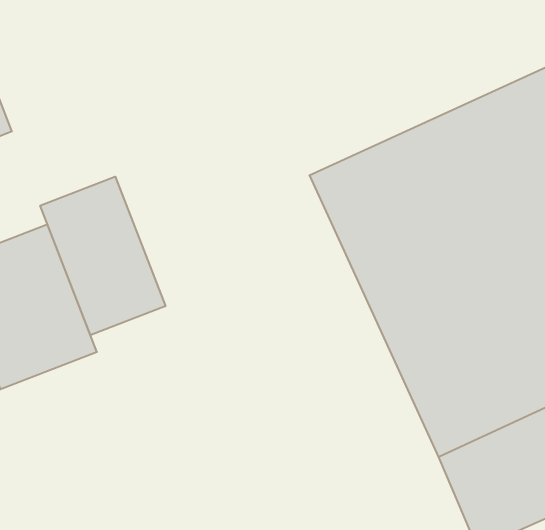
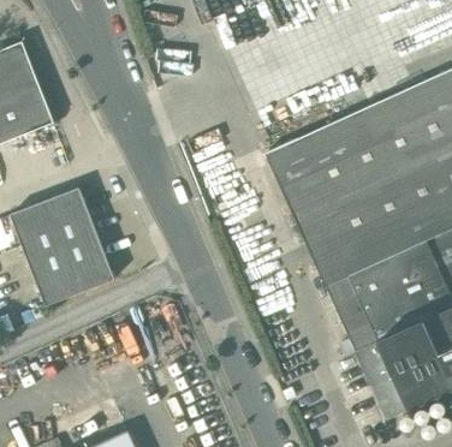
building: [40,177,165,335] -> none

